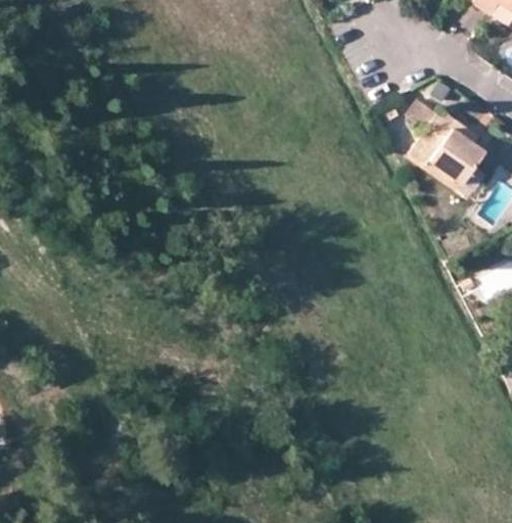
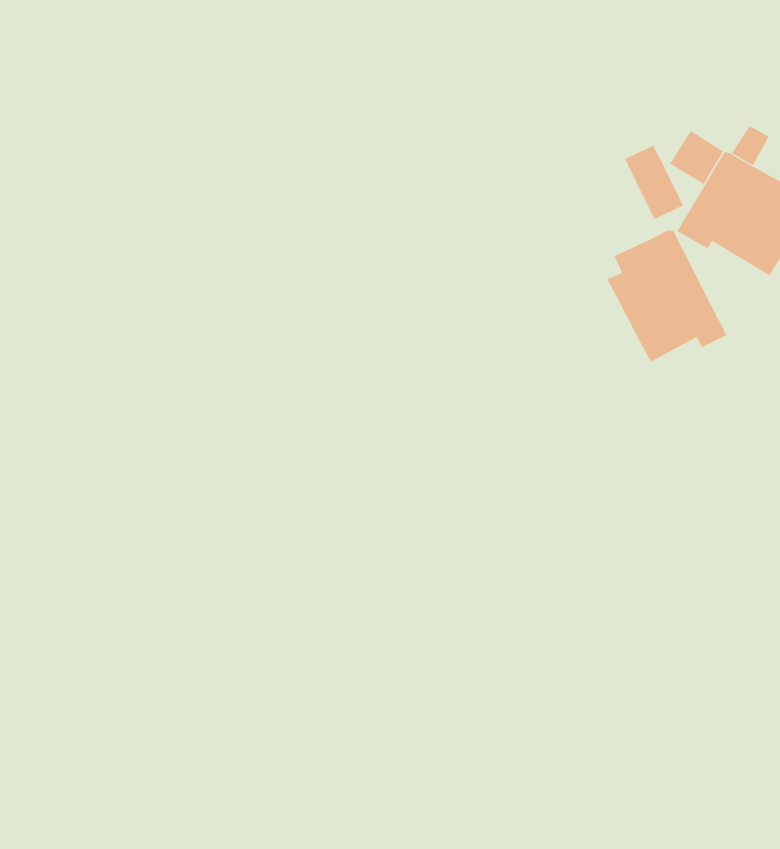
building: none -> [606,230,727,363]

